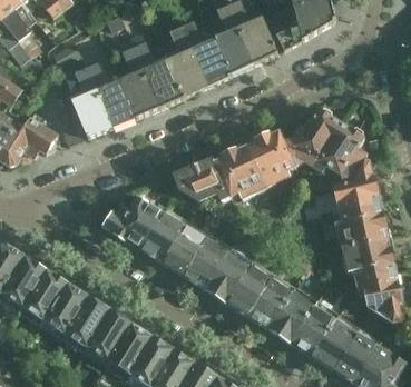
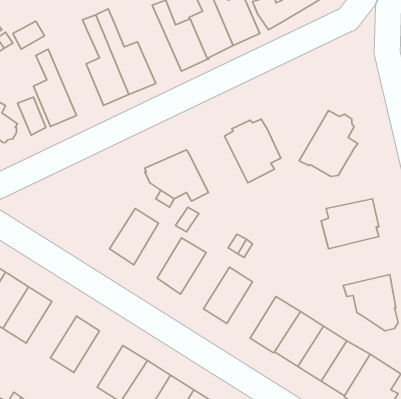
building: [166,27,206,98] -> none
building: [85,62,135,127] -> none
building: [284,107,340,168] -> none
building: [213,146,266,200] -> none
building: [331,157,380,211] -> none
building: [102,195,164,249] -> none
building: [163,225,206,275] -> none
building: [340,237,395,281] -> none
building: [205,251,249,302] -> none
building: [247,278,292,329] -> none
building: [65,296,110,347] -> none
building: [108,322,153,374] -> none

